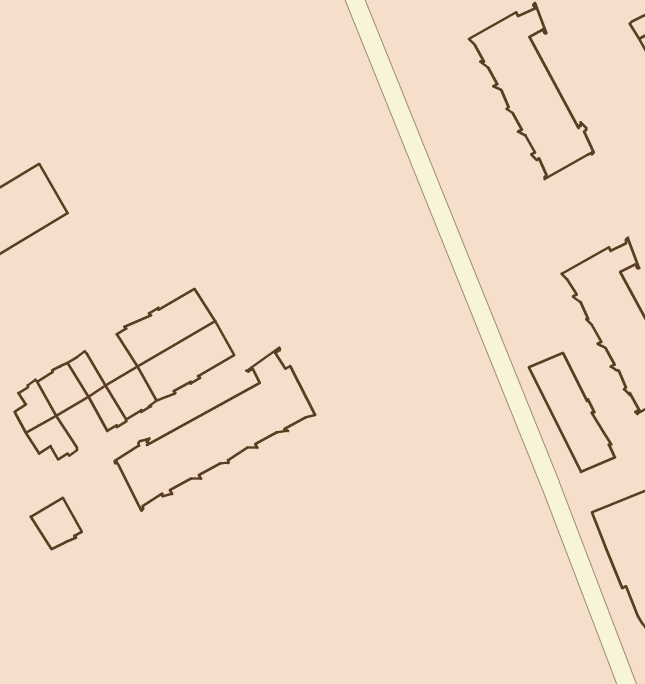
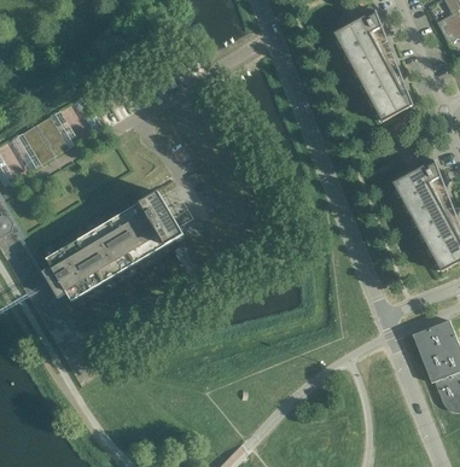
building: none -> [89,220,122,252]
building: [115,348,315,511] -> none
building: [529,353,615,472] -> none
building: [31,498,82,549] -> [70,259,103,292]

